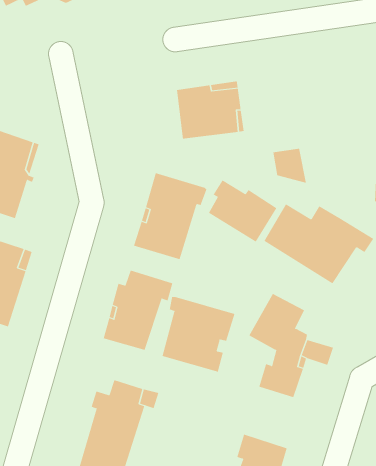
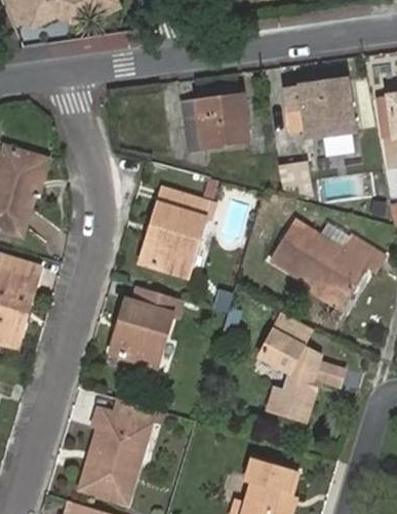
building: none -> [286,82,352,131]
building: [208,179,277,243] -> none
building: [162,296,235,373] -> none

